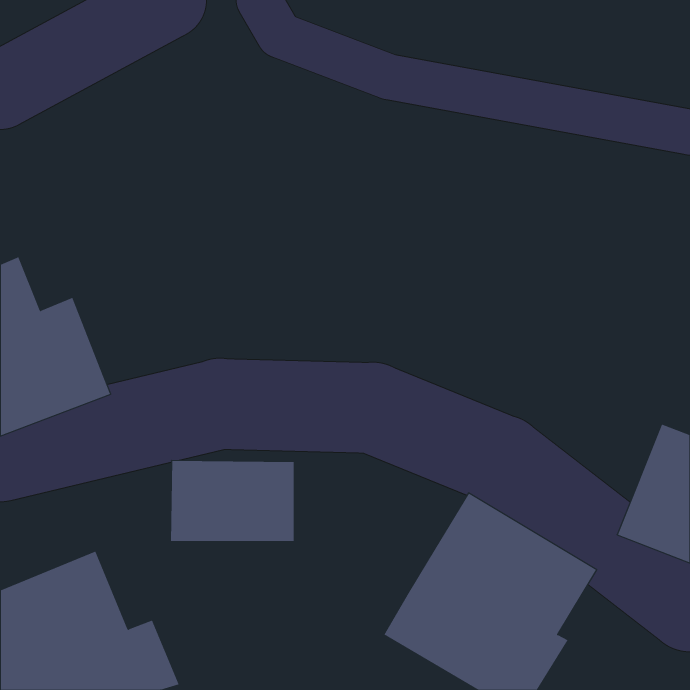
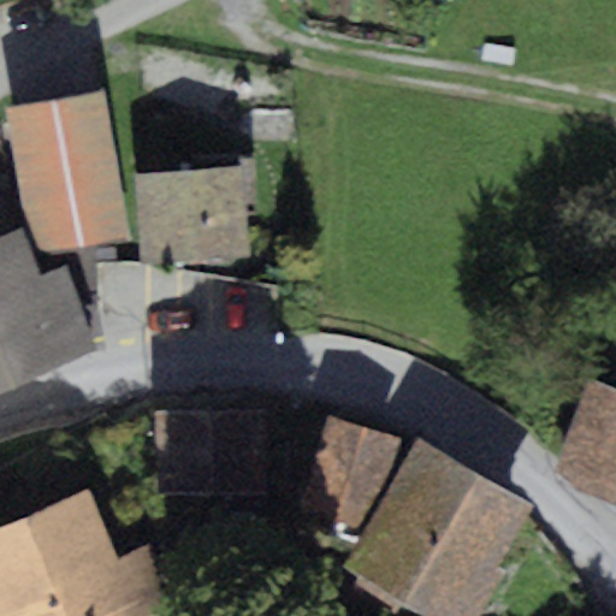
building: none -> [6,93,126,253]
building: none -> [135,167,247,263]
building: none -> [300,417,399,528]

